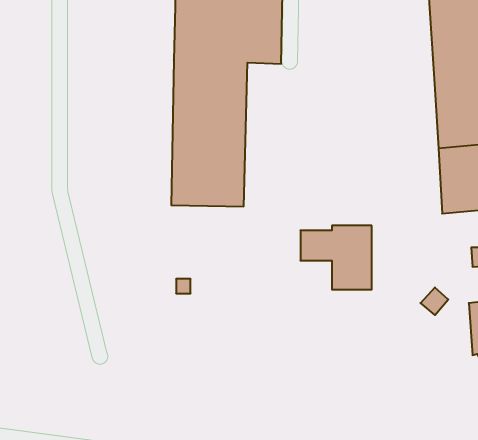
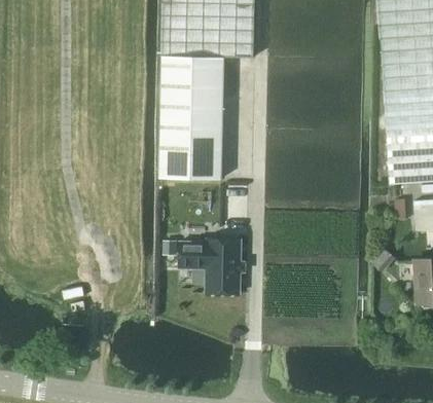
building: [300,226,372,290] -> [178,235,239,290]

